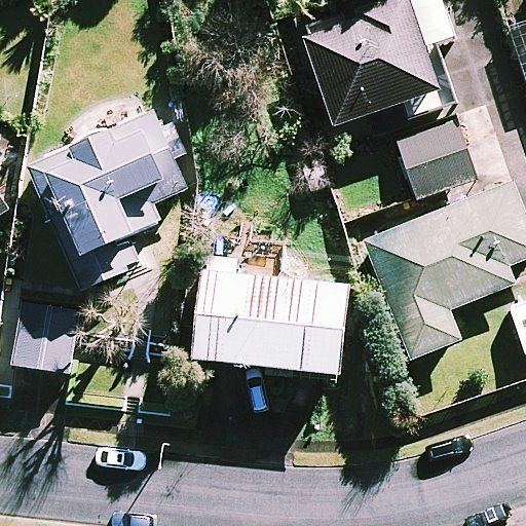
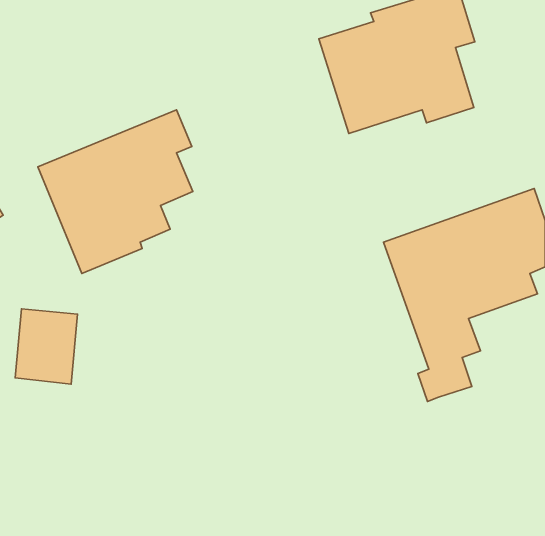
building: [394,116,473,193] -> none
building: [192,252,349,375] -> none

